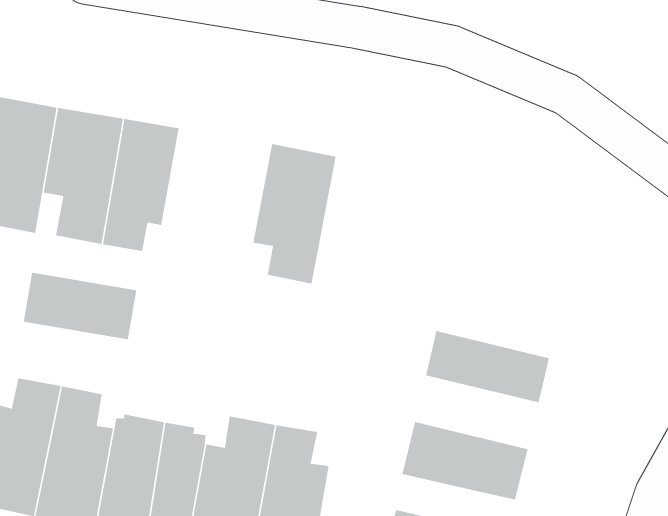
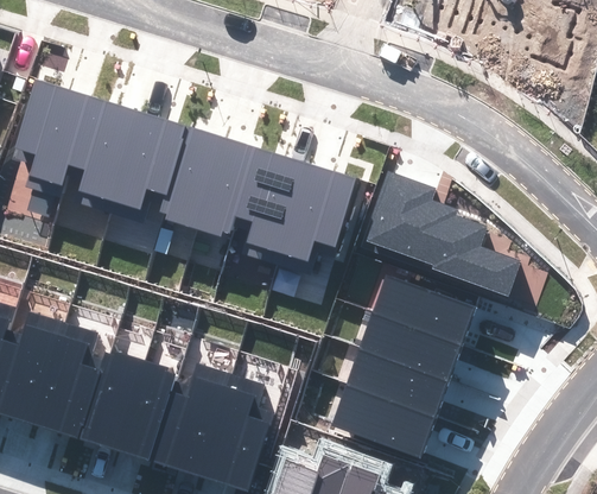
building: none -> [159,126,258,236]
building: none -> [364,173,520,296]
building: none -> [277,164,360,274]
building: [23,272,137,340] -> none
building: none -> [371,276,476,347]
building: none -> [345,349,447,418]

